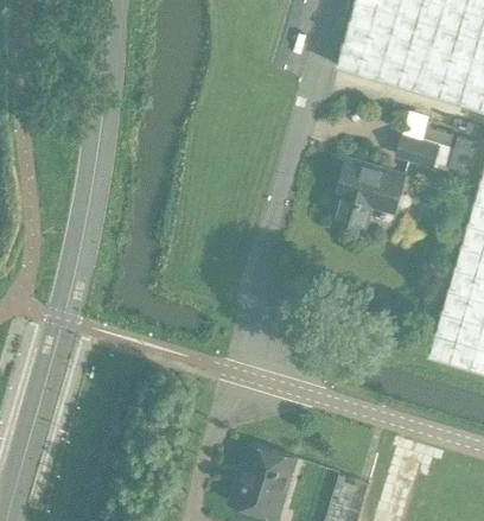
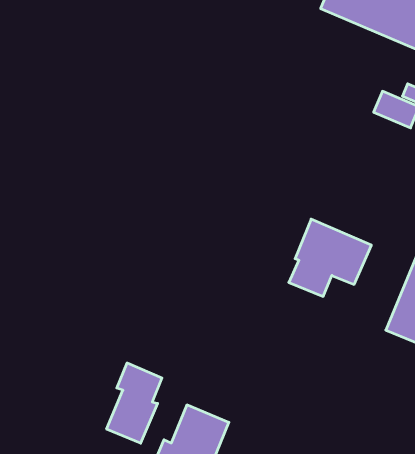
building: [332,158,405,228] -> [289,219,371,296]
building: none -> [107,363,162,443]

